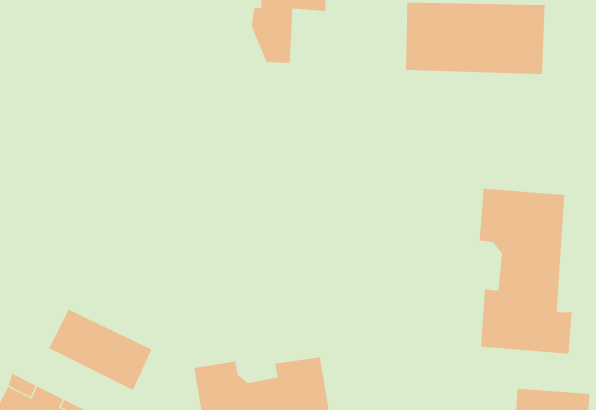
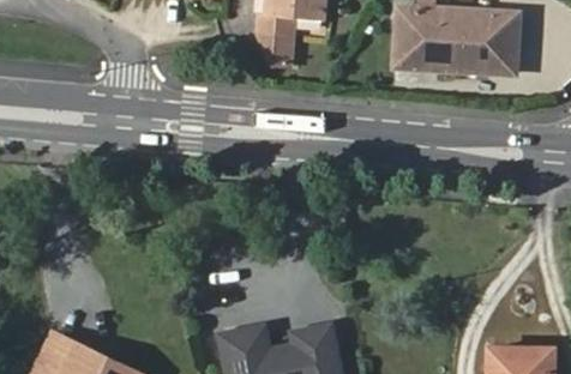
building: [479,188,572,355] -> none
building: [49,309,152,391] -> none

